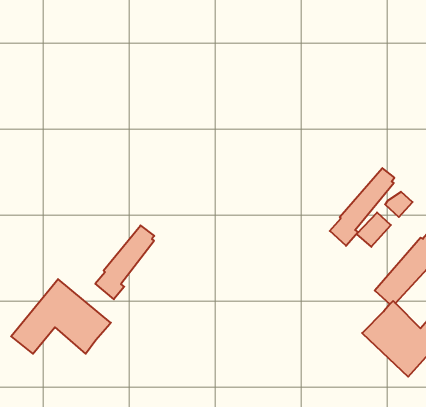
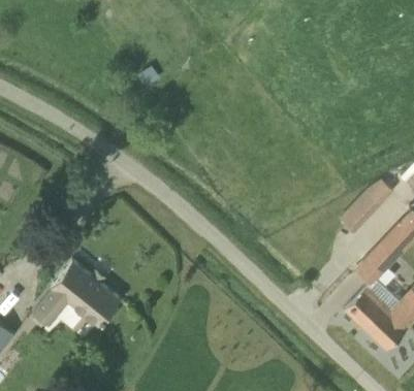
building: [330,168,394,246] -> none
building: [95,225,154,299] -> none

